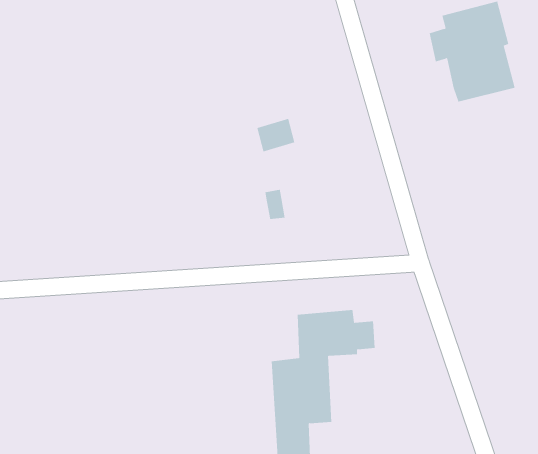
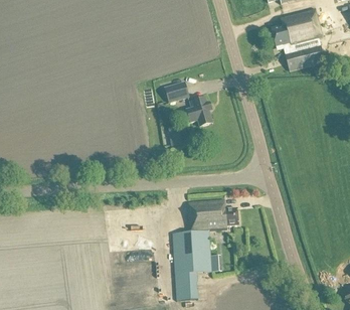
building: none -> [185,96,211,125]

